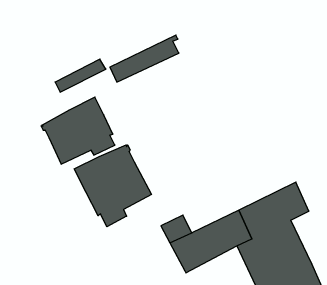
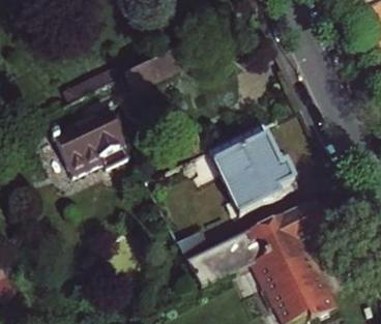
building: none -> [205,125,291,214]
building: [74,145,151,227] -> none

